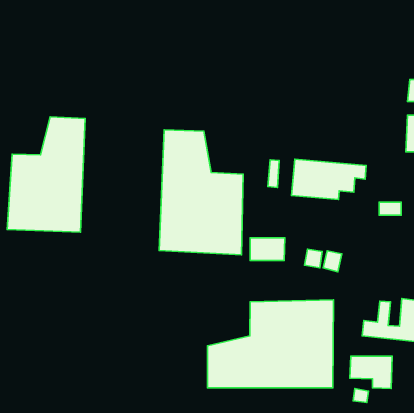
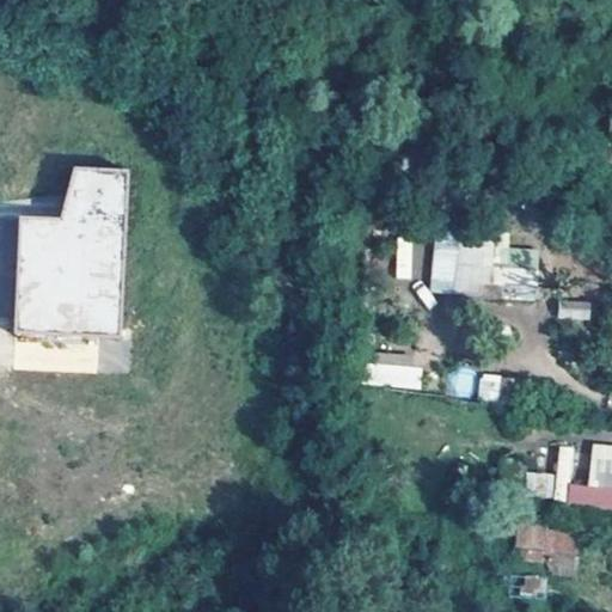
building: [159,130,243,255] -> none
building: [207,300,334,388] -> none

